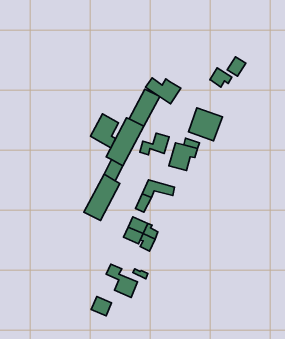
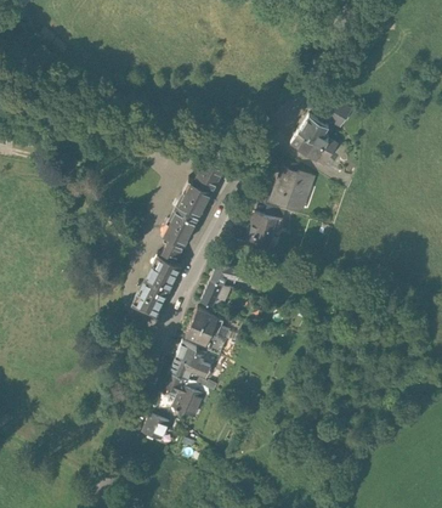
building: [146,78,181,104] -> [291,131,338,165]
building: [91,114,119,148] -> none
building: [140,133,169,155] -> none
building: none -> [169,343,210,380]

